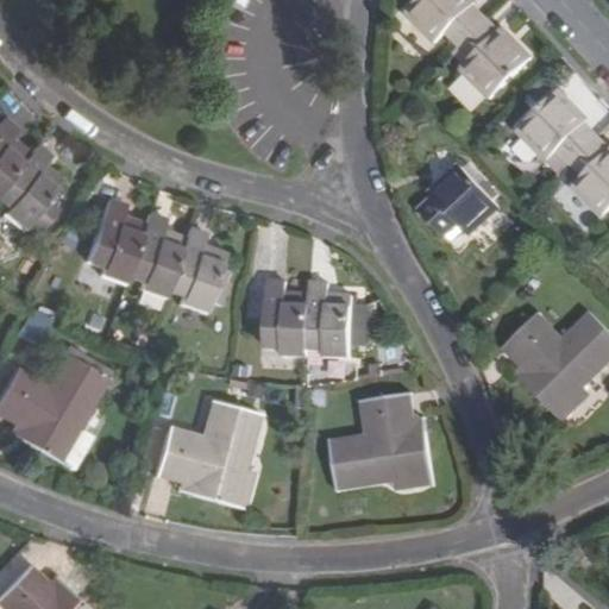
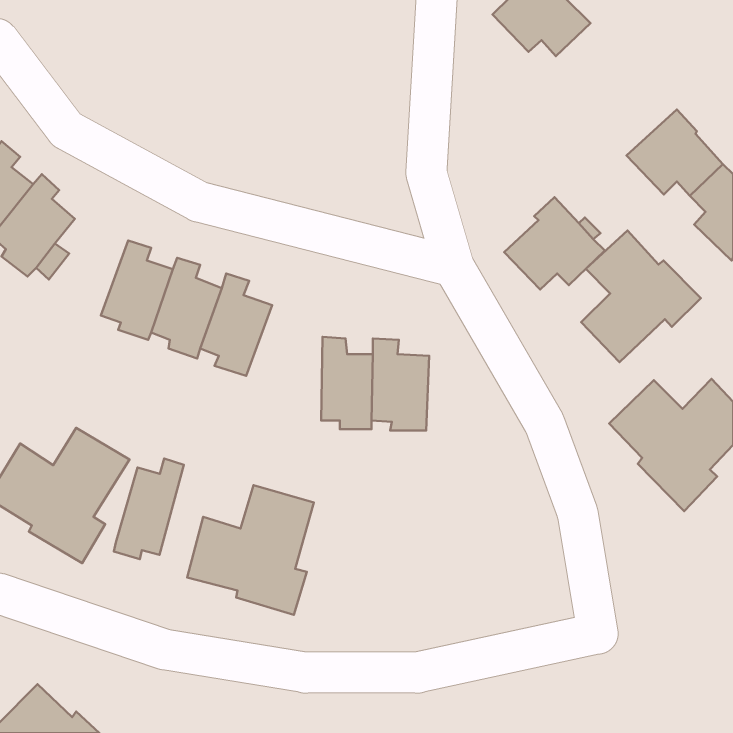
building: [452,19,532,96] -> none
building: none -> [581,231,701,362]
building: none -> [114,459,184,559]
building: [329,394,432,490] -> none

